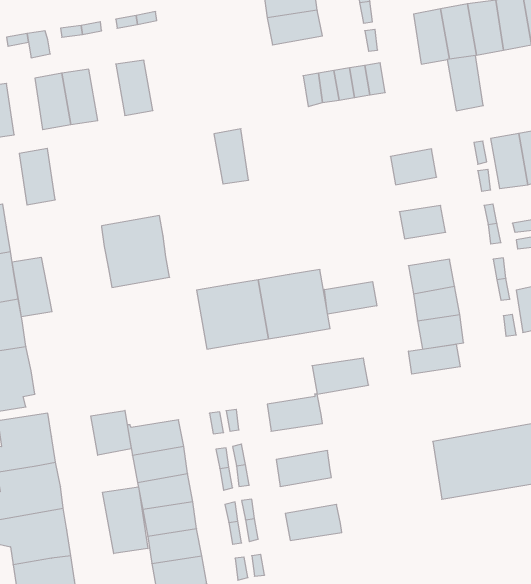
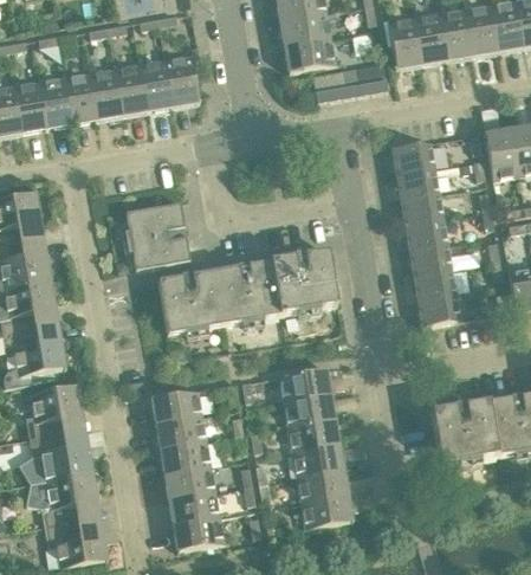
building: none -> [284,37,335,71]
building: [447,56,483,111] -> [388,17,421,67]
building: none -> [115,63,148,115]
building: [214,129,249,184] -> [166,54,197,105]
building: [19,148,55,205] -> [39,76,72,128]
building: none -> [397,167,439,199]
building: none -> [406,218,447,248]
building: [12,257,52,317] -> none
building: [324,282,377,314] -> none
building: none -> [158,271,224,335]
building: [409,344,460,374] -> none
building: [312,358,369,394] -> [283,394,335,427]
building: [91,410,131,455] -> none
building: none -> [291,444,343,477]
building: [103,487,148,554] -> none
building: none -> [300,495,351,528]

